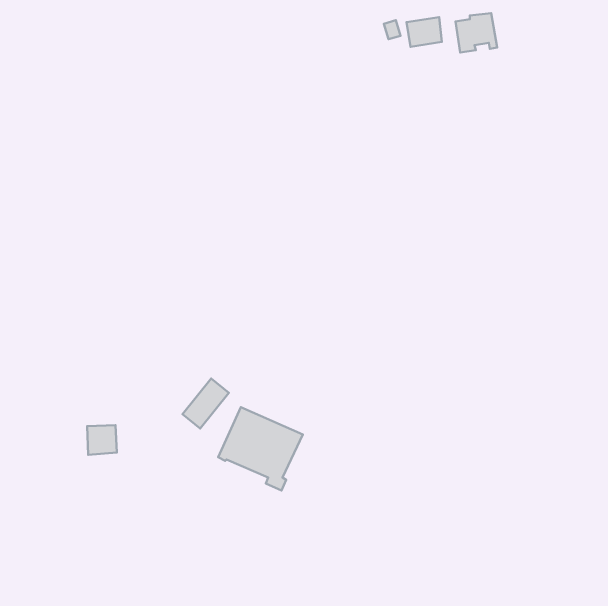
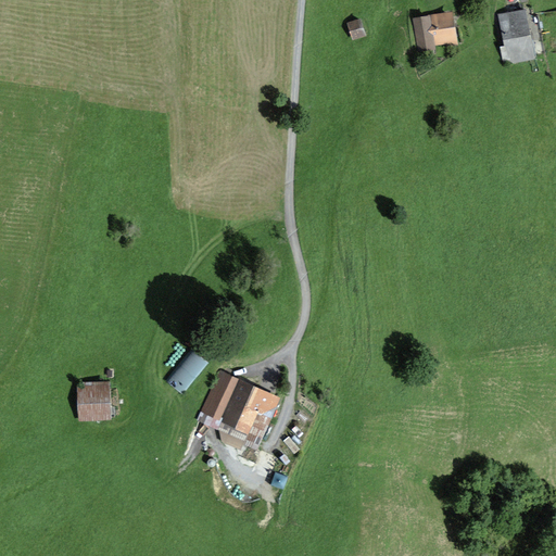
building: none -> [502,5,531,61]
building: [407,17,442,47] -> none

